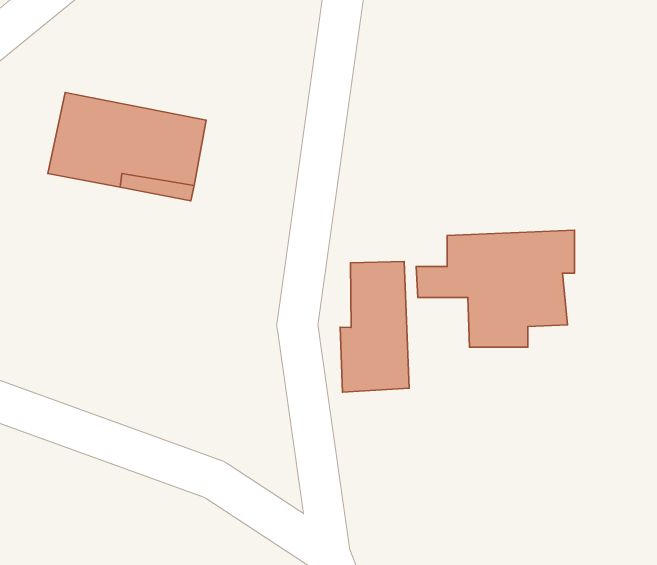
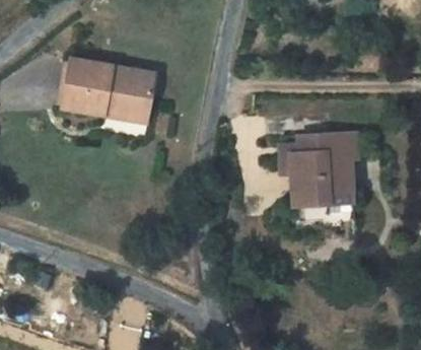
building: [340,261,409,392] -> none

